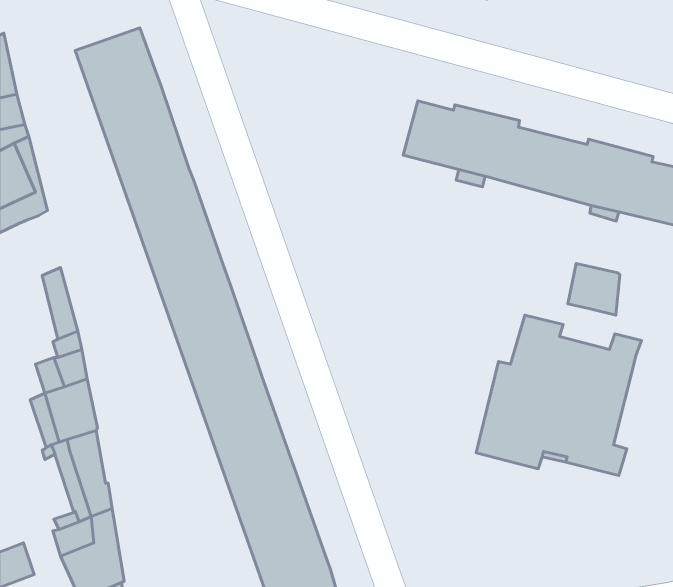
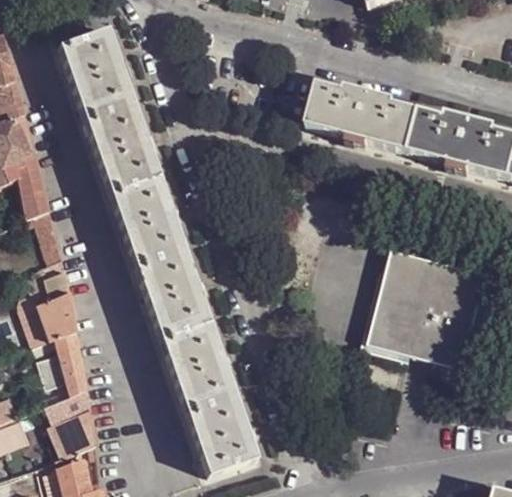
building: none -> [16,164,48,216]
building: [568,263,620,315] -> none

